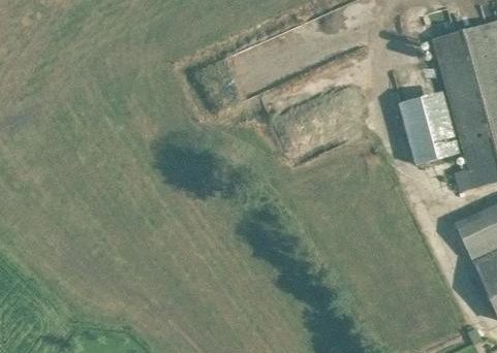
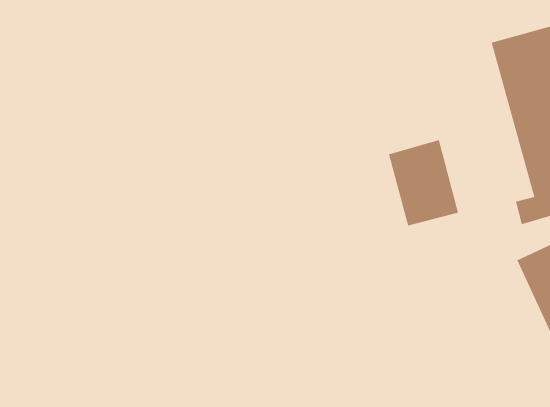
building: [399,91,459,164] -> [388,139,459,226]

